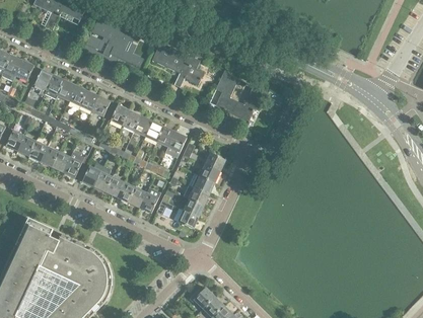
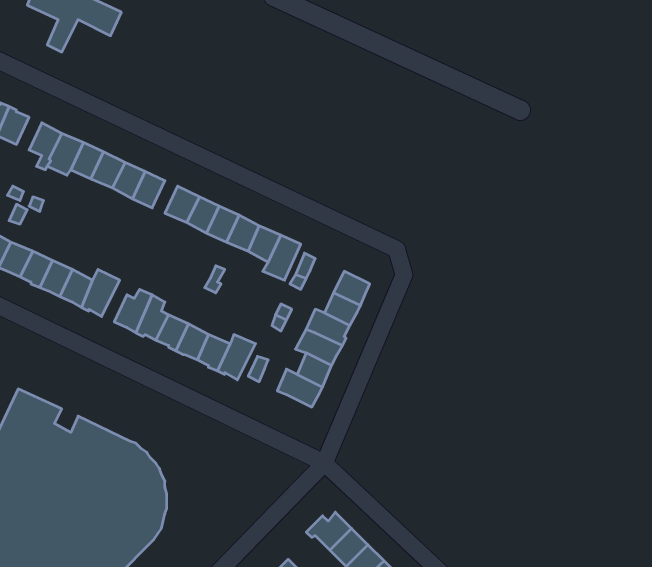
building: [92,13,146,66] -> none
building: [152,42,204,87] -> none
building: [215,71,268,121] -> none

